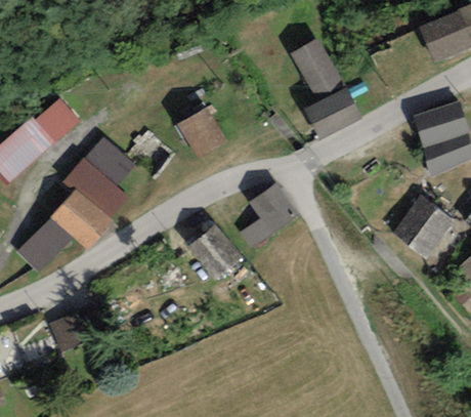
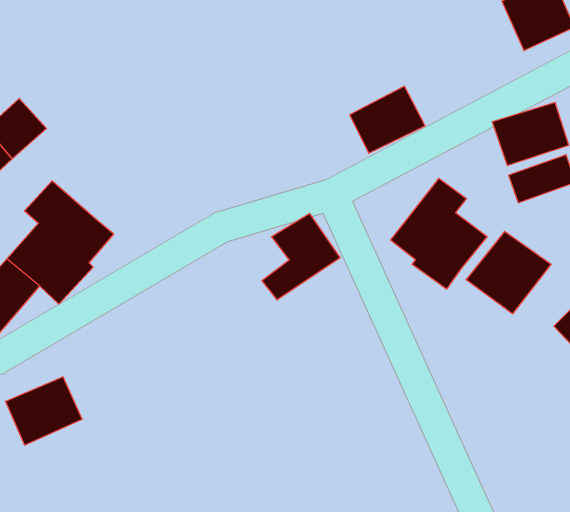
building: [290,38,341,98] -> none
building: [176,106,227,159] -> none
building: [84,137,135,187] -> none
building: none -> [391,178,487,289]
building: [187,222,243,280] -> none

